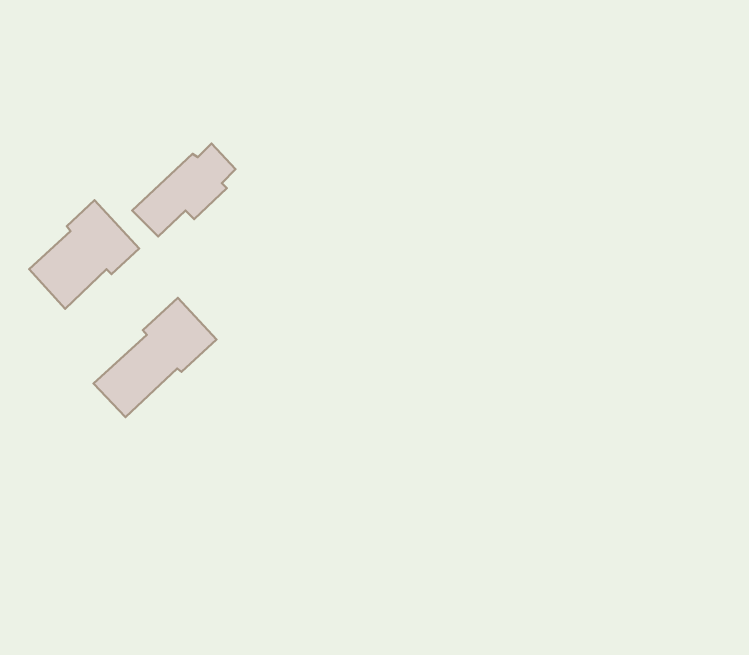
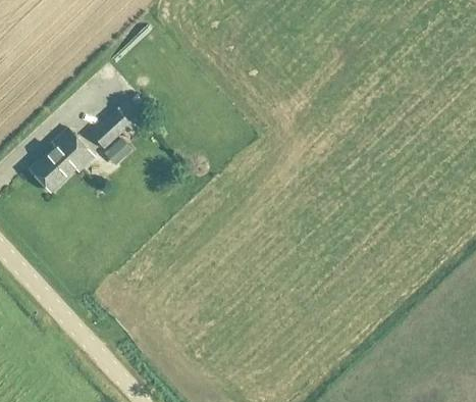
building: [93,298,217,417] -> none

